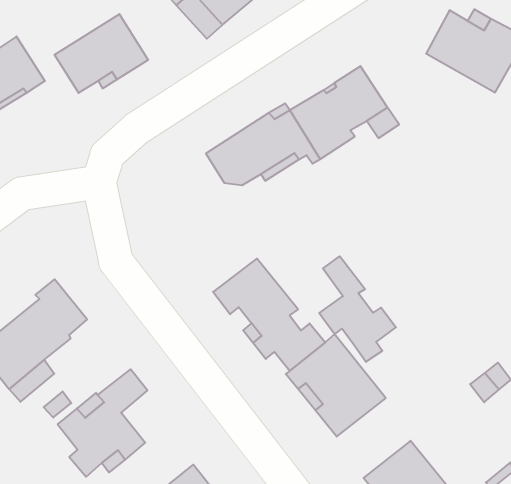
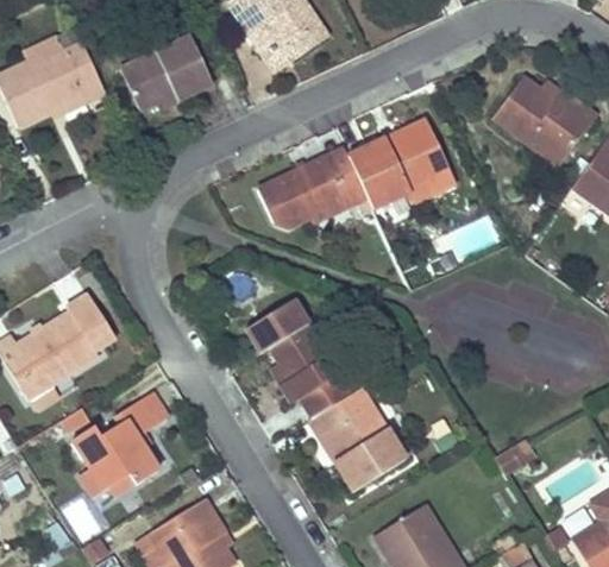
building: [319,256,396,362] -> none

